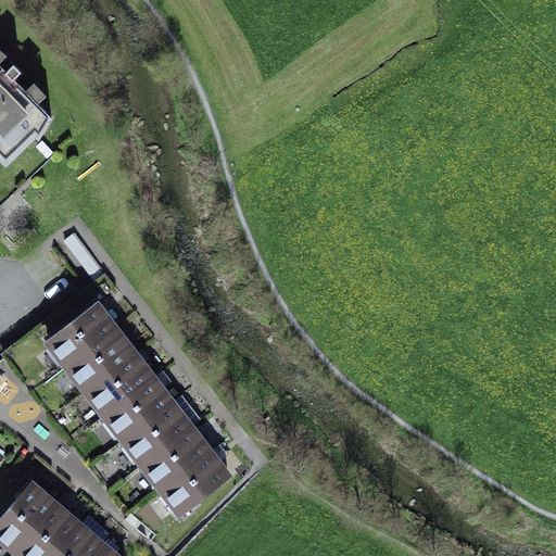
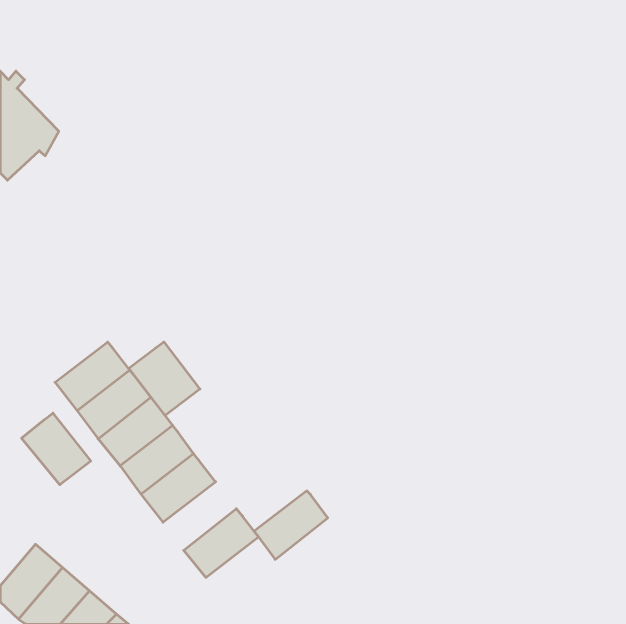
building: none -> [129,342,200,415]
building: none -> [22,413,91,485]
building: [144,427,210,488] -> [254,491,328,559]

